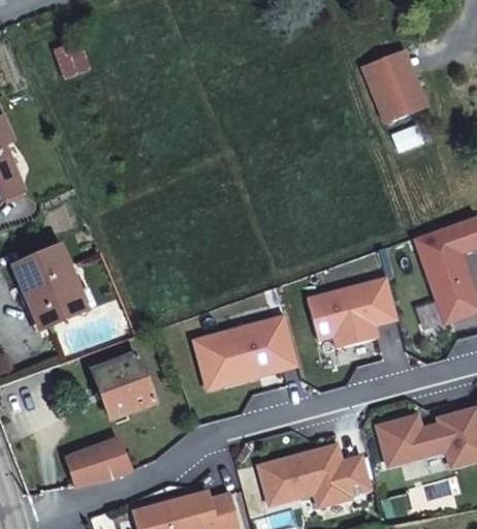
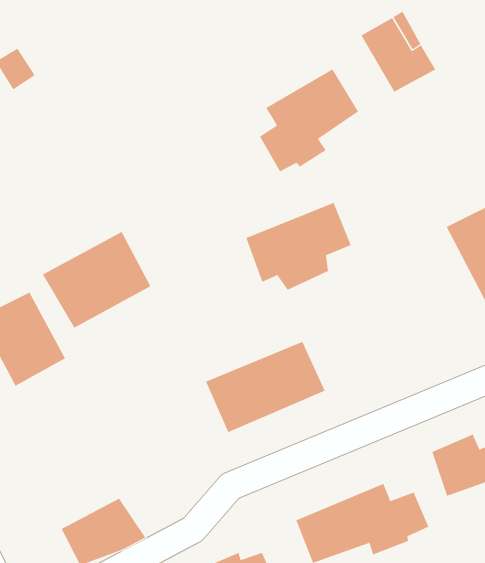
building: none -> [259,68,359,172]
building: none -> [42,231,151,328]
building: [311,279,400,349] -> [246,202,351,290]
building: [87,347,156,418] -> none

